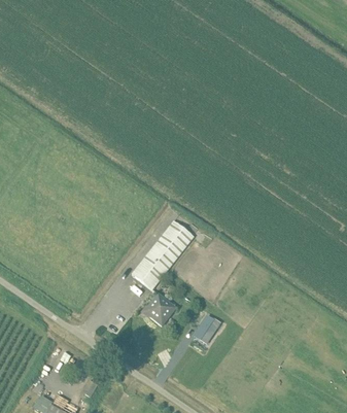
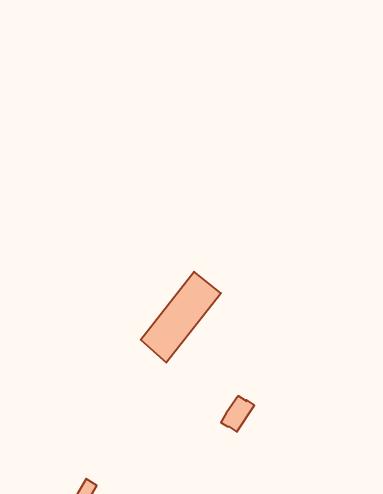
building: [143,294,176,325] -> none

